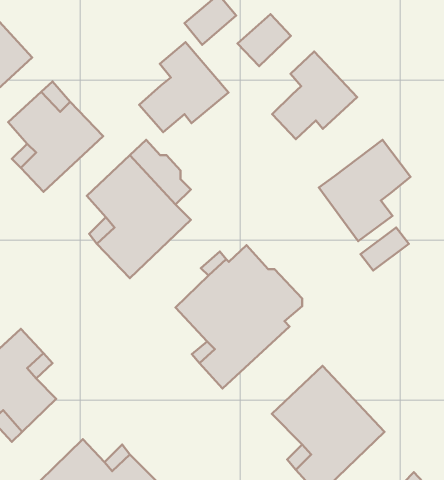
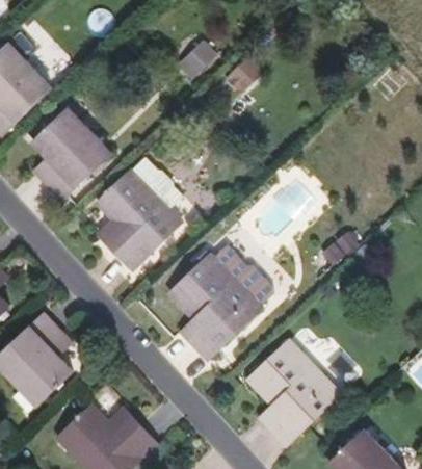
building: [139,42,228,132] -> none
building: [272,52,357,139] -> none
building: [319,140,411,241] -> none

